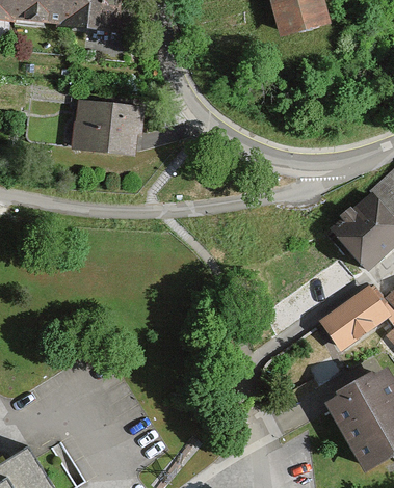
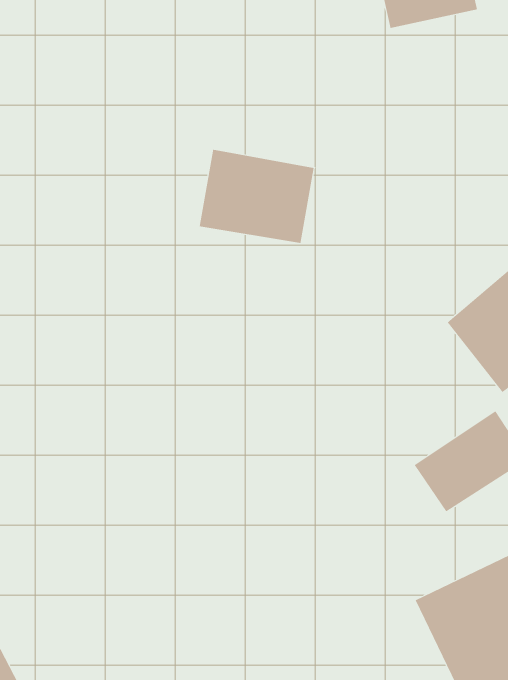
building: [73,99,142,154] -> [199,149,315,244]

